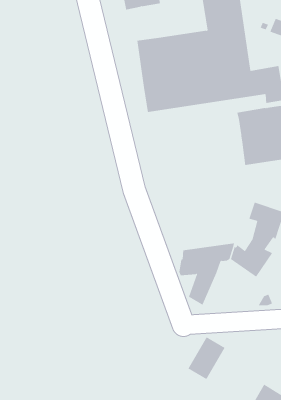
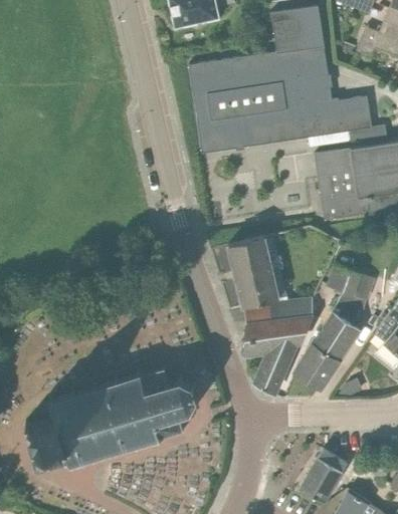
building: none -> [228,234,312,325]
building: none -> [294,351,333,389]
building: none -> [23,365,199,468]
building: [188,336,225,380] -> [300,449,347,503]

